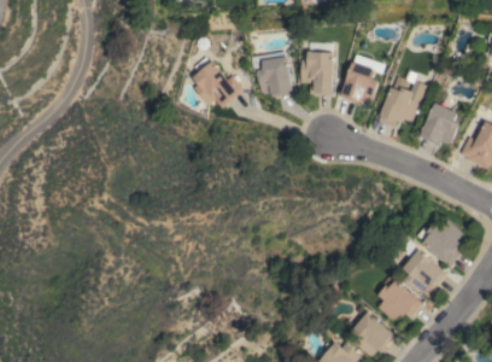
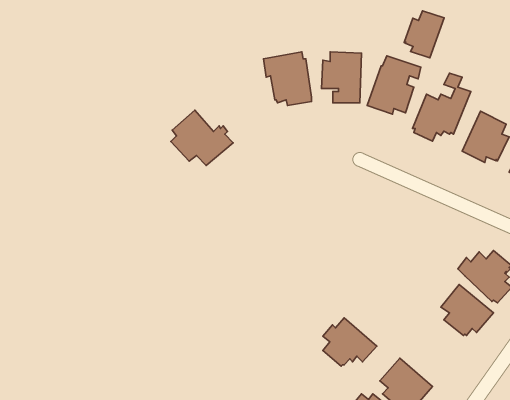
building: none -> [404,11,444,58]
building: [191,62,244,109] -> [171,110,233,166]
building: [376,280,422,321] -> [323,318,377,366]

